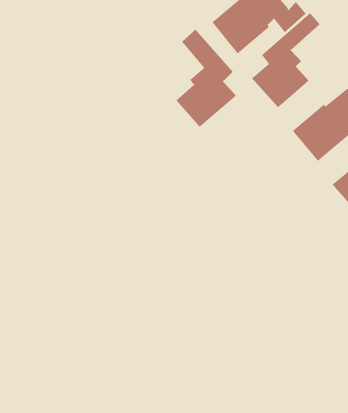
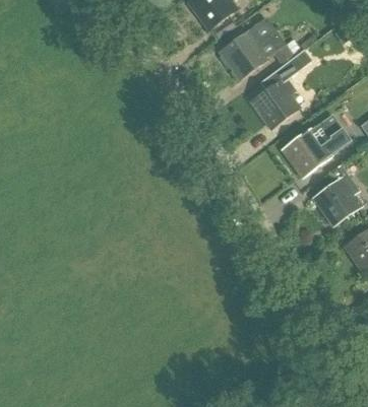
building: [175,29,237,128] -> none

